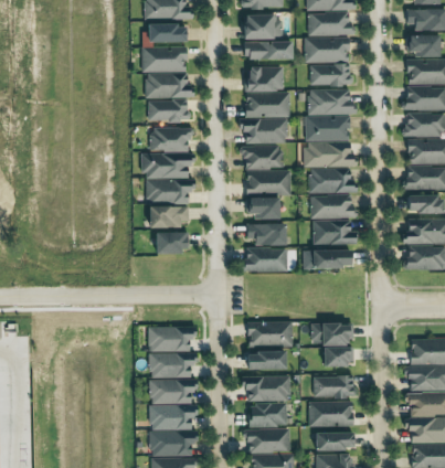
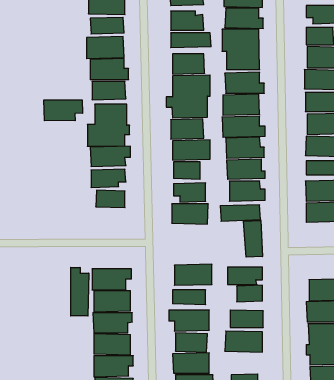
building: none -> [44,100,83,121]
building: none -> [244,220,262,257]
building: none -> [71,267,89,316]
building: [314,433,353,450] -> none

